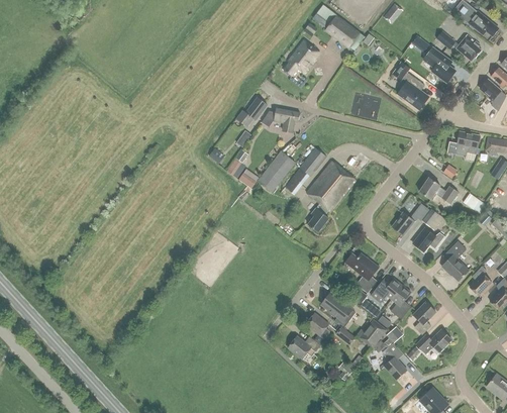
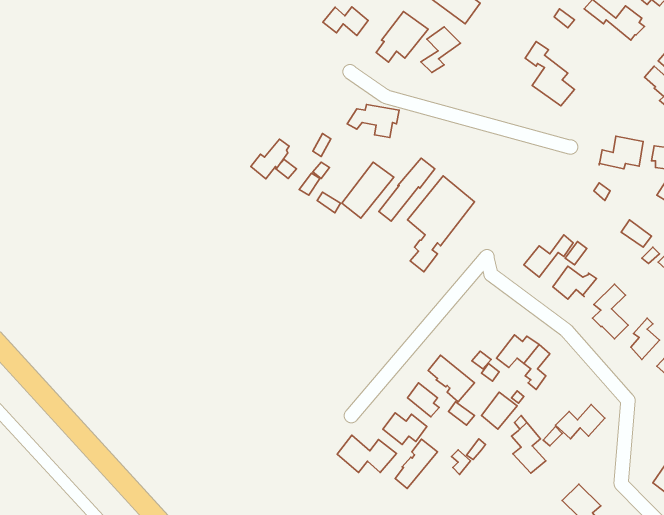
building: none -> [323,7,368,35]
building: [423,46,455,81] -> none
building: none -> [421,27,461,72]
building: [236,98,265,127] -> [251,139,289,179]
building: [419,177,459,203] -> none
building: [341,252,379,291] -> none
building: [413,300,436,333] -> none
building: none -> [337,435,396,473]
building: none -> [395,439,438,489]

